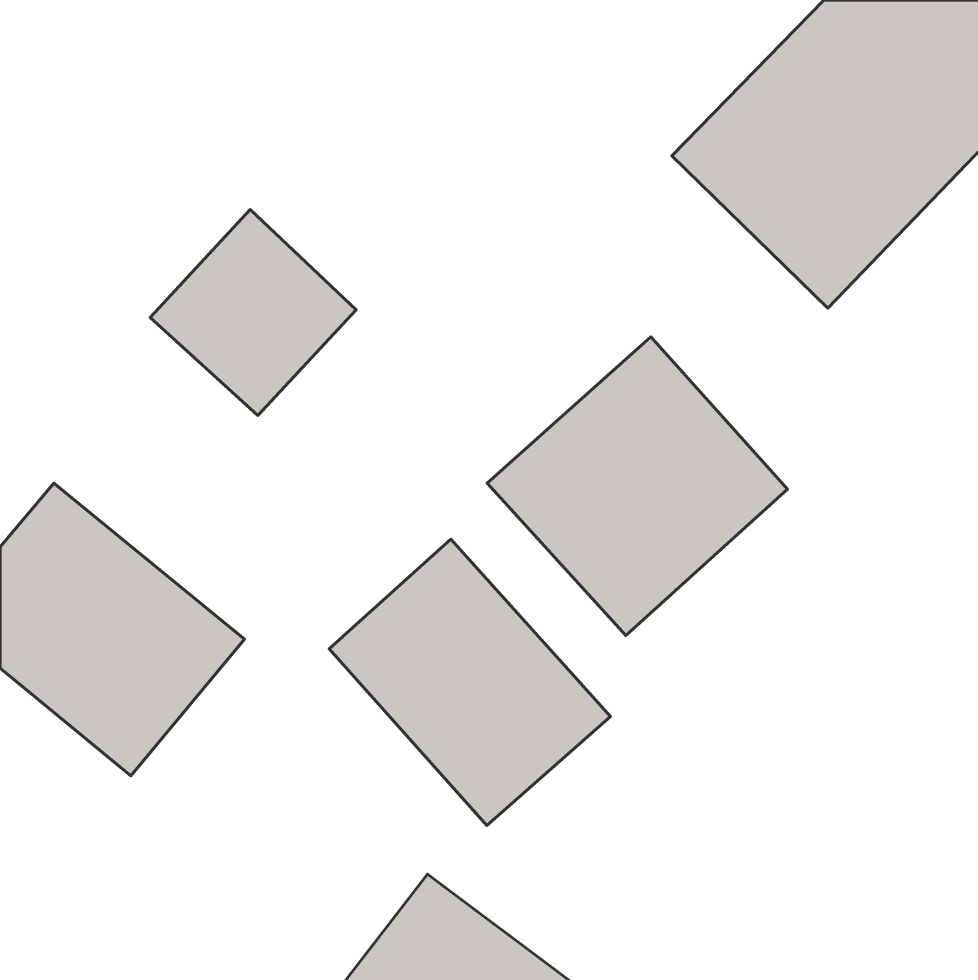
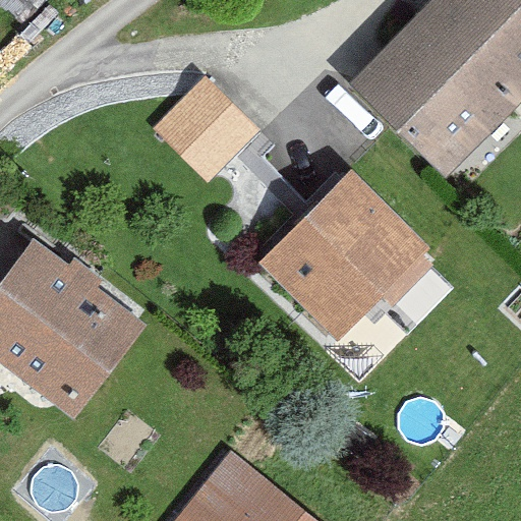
building: [150,210,356,416] -> [156,66,265,175]
building: [329,539,611,825] -> none

